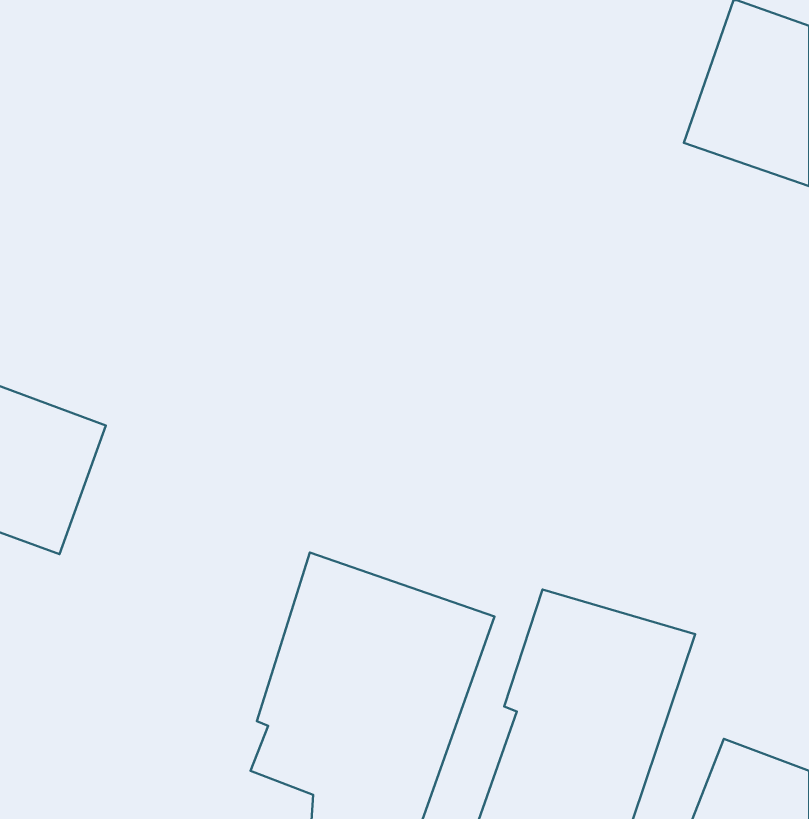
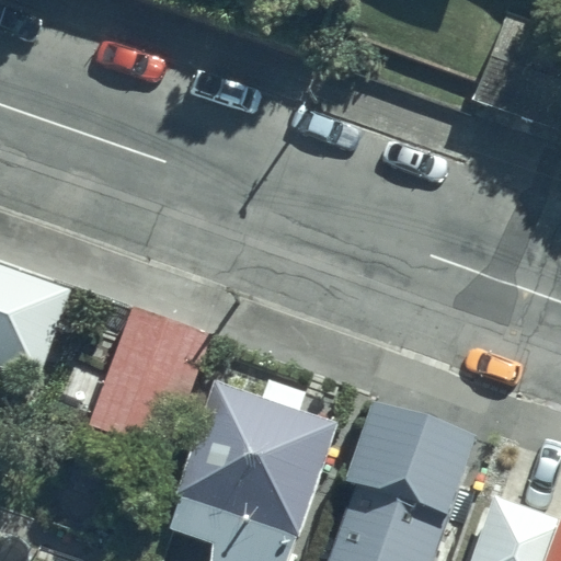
building: none -> [87,302,213,453]

